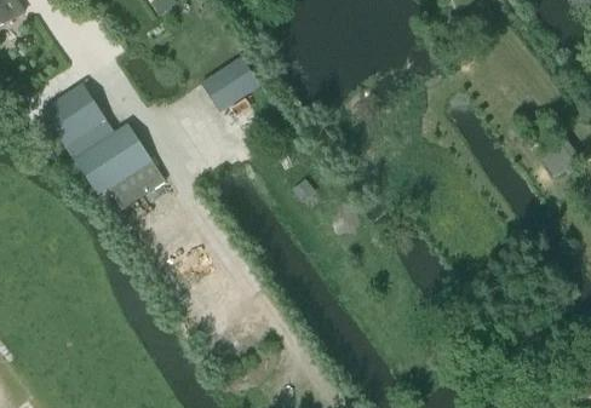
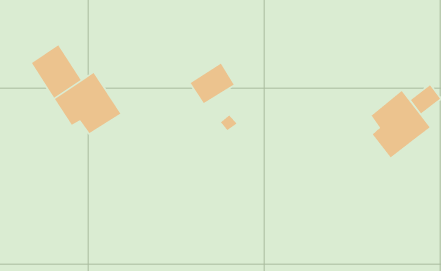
building: [200,56,259,110] -> [190,63,235,104]
building: none -> [370,90,431,158]

